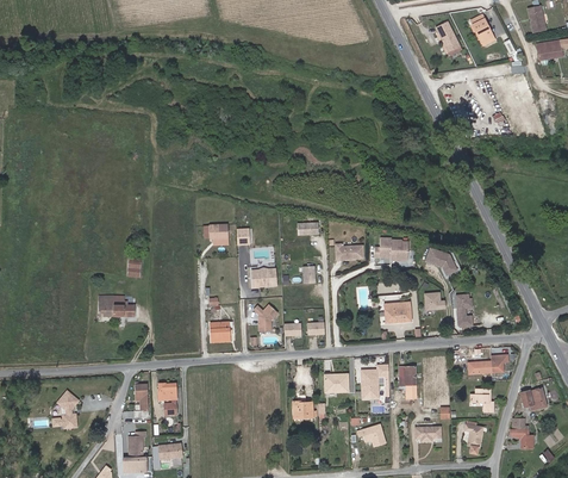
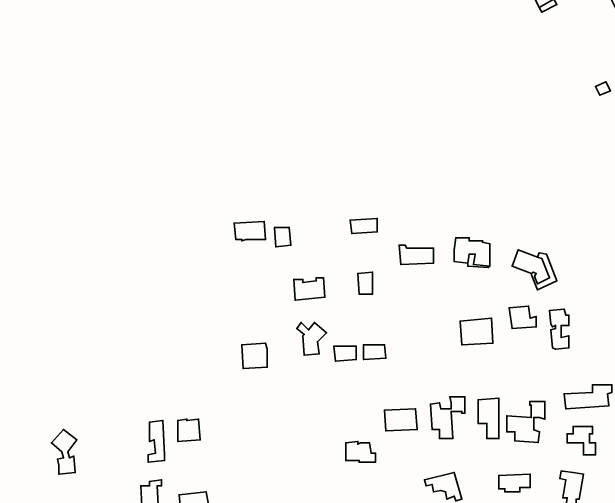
building: [99,296,135,317] -> none
building: none -> [507,401,545,442]

